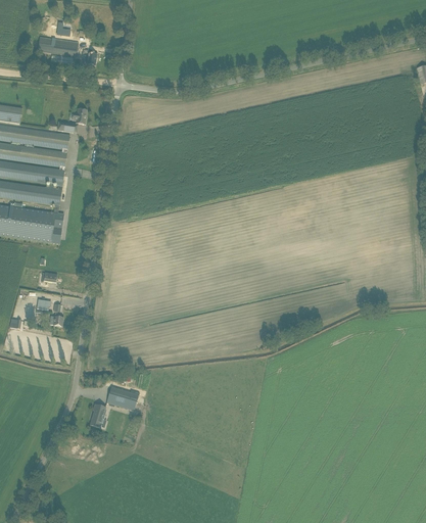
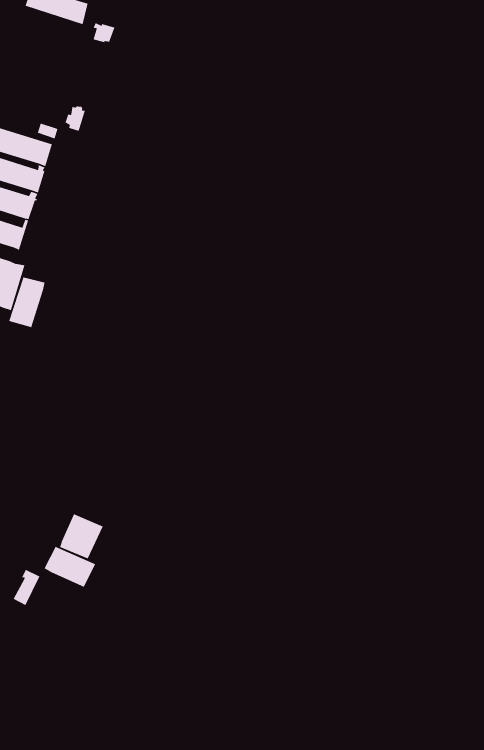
building: none -> [8,277,45,328]
building: none -> [59,513,104,559]

